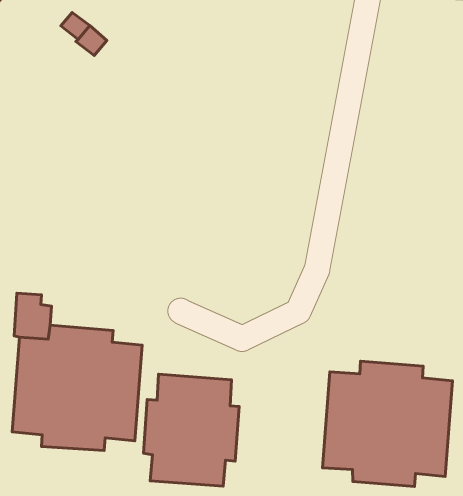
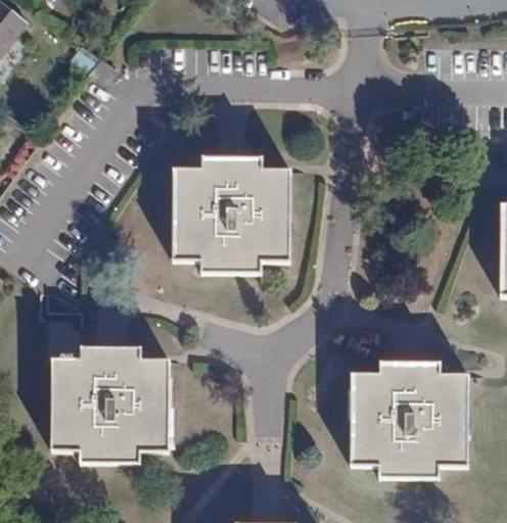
building: none -> [173,155,291,273]
building: [144,374,239,486] -> none

